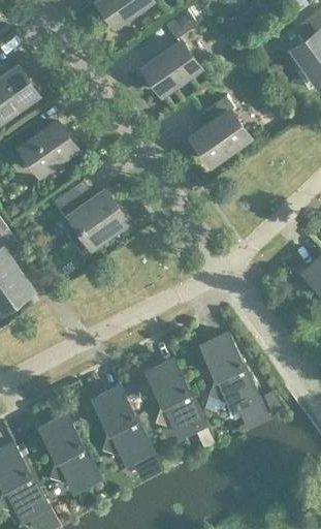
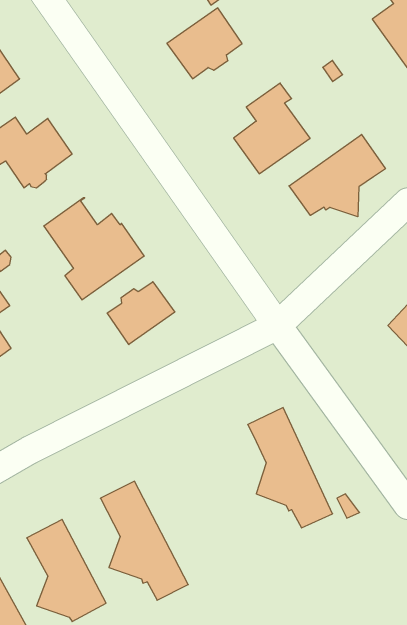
building: none -> [289,134,385,217]
building: none -> [107,282,175,345]
building: [149,361,204,435] -> none

